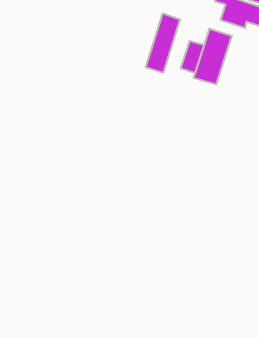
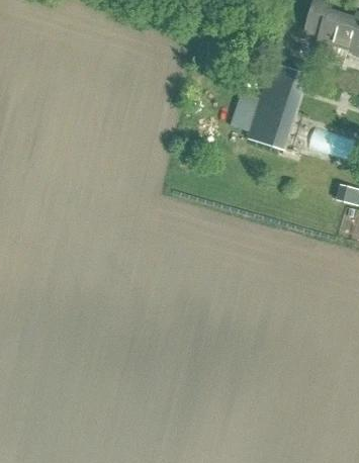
building: [146,13,180,73] -> none

